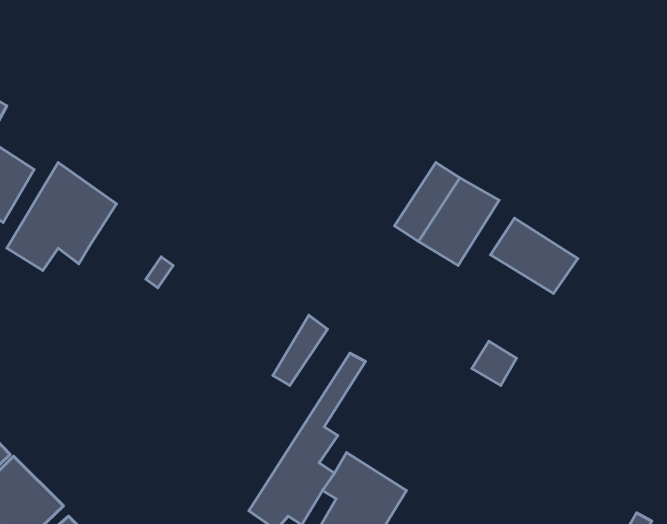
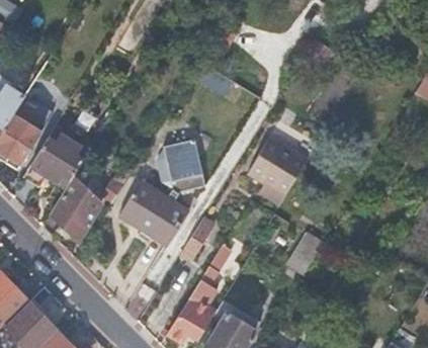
building: none -> [119,143,205,246]
building: [491,218,578,293] -> none
building: none -> [50,178,102,232]

